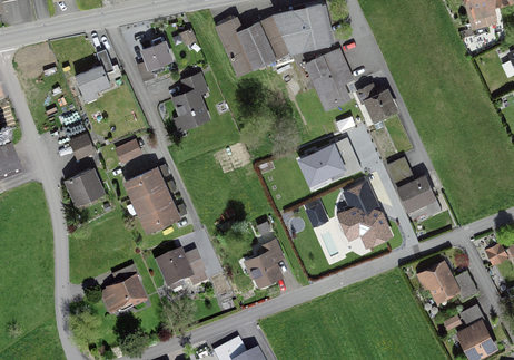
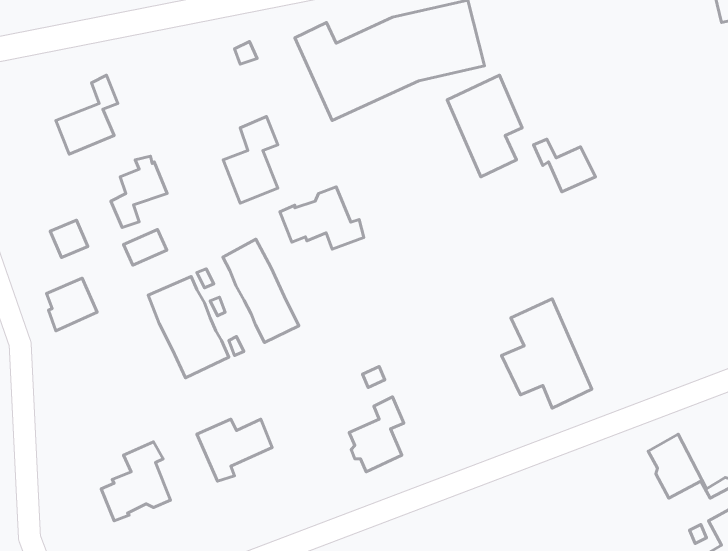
building: [137,38,170,80] -> [111,156,167,227]
building: none -> [280,187,364,249]
building: [302,139,360,189] -> none
building: none -> [223,239,299,342]
building: [386,157,439,217] -> none

